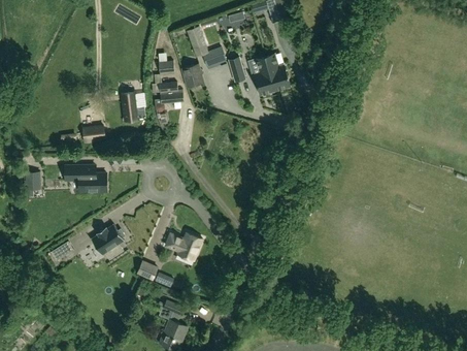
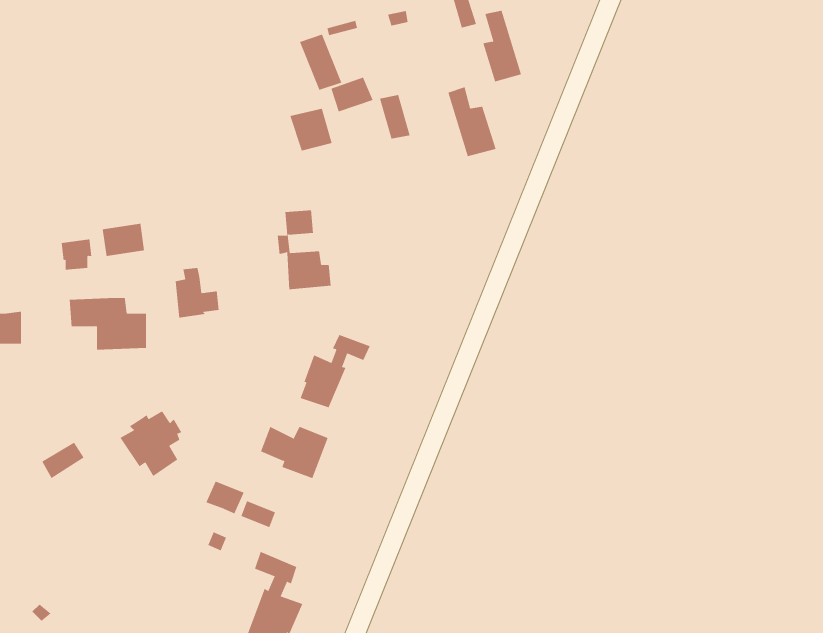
building: [255,56,275,94] -> [483,10,522,82]
building: [155,61,184,103] -> [277,210,332,290]
building: [123,94,146,121] -> [175,267,220,318]
building: none -> [300,334,371,408]

